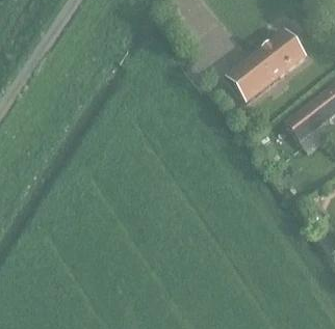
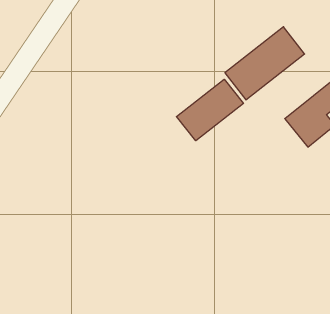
building: none -> [176,79,243,141]

